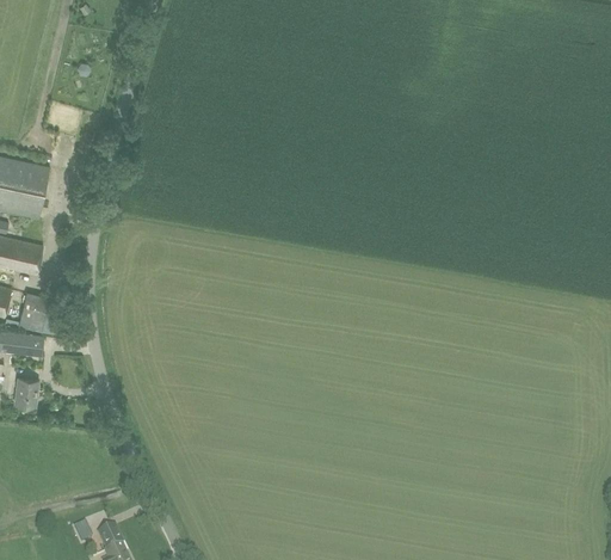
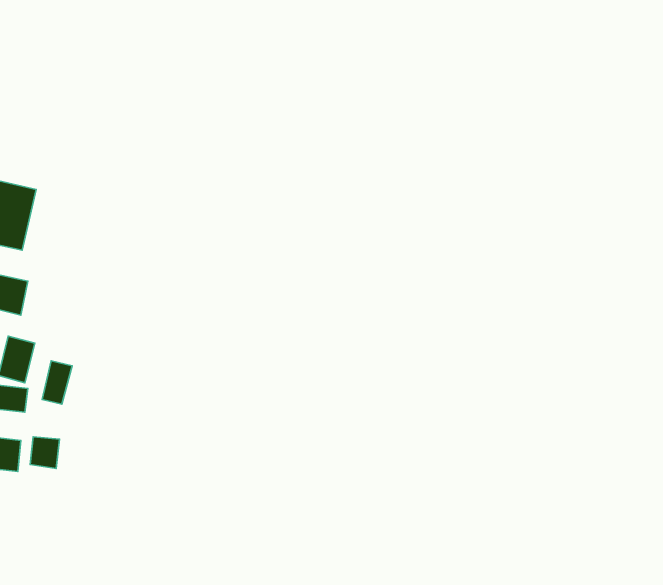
building: none -> [42,361,72,404]
building: none -> [30,437,59,468]

